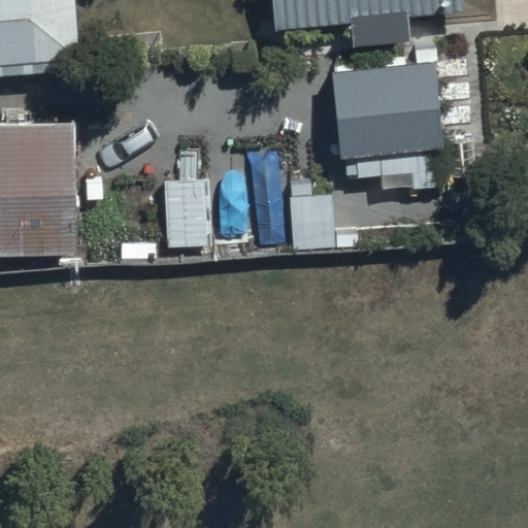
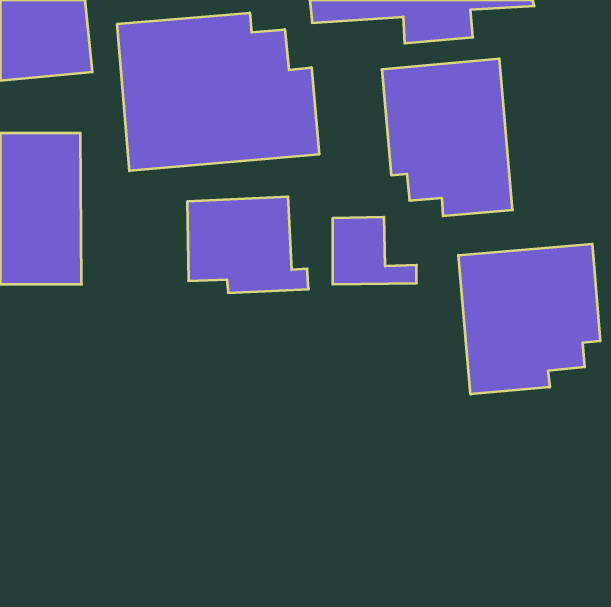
building: none -> [117,13,319,171]
building: none -> [458,244,600,394]

